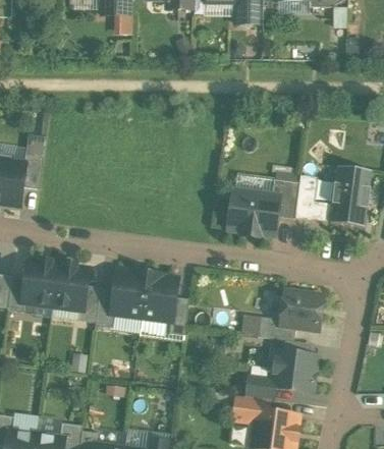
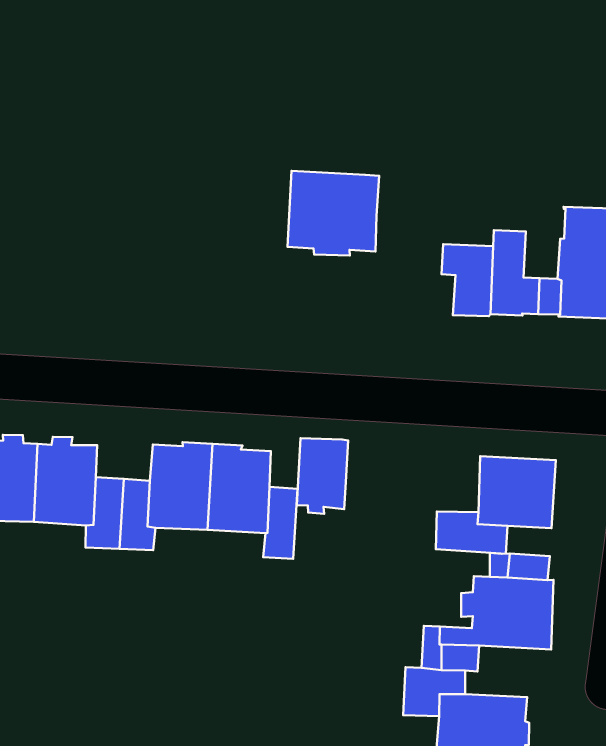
building: [227,190,277,236] -> [288,171,379,256]
building: none -> [297,438,348,514]

